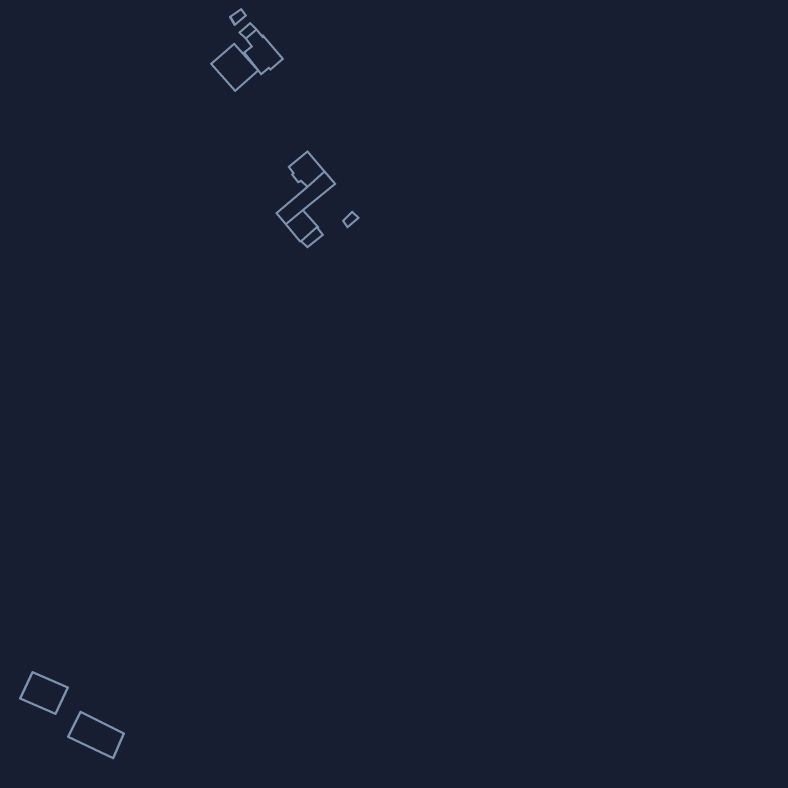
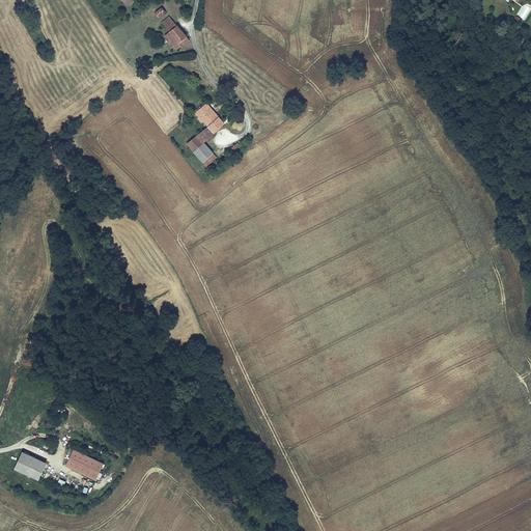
building: [211,44,258,91] -> none
building: [68,712,124,758] -> [65,449,103,480]

